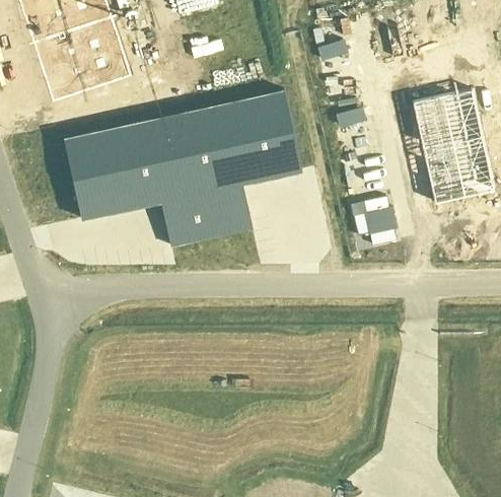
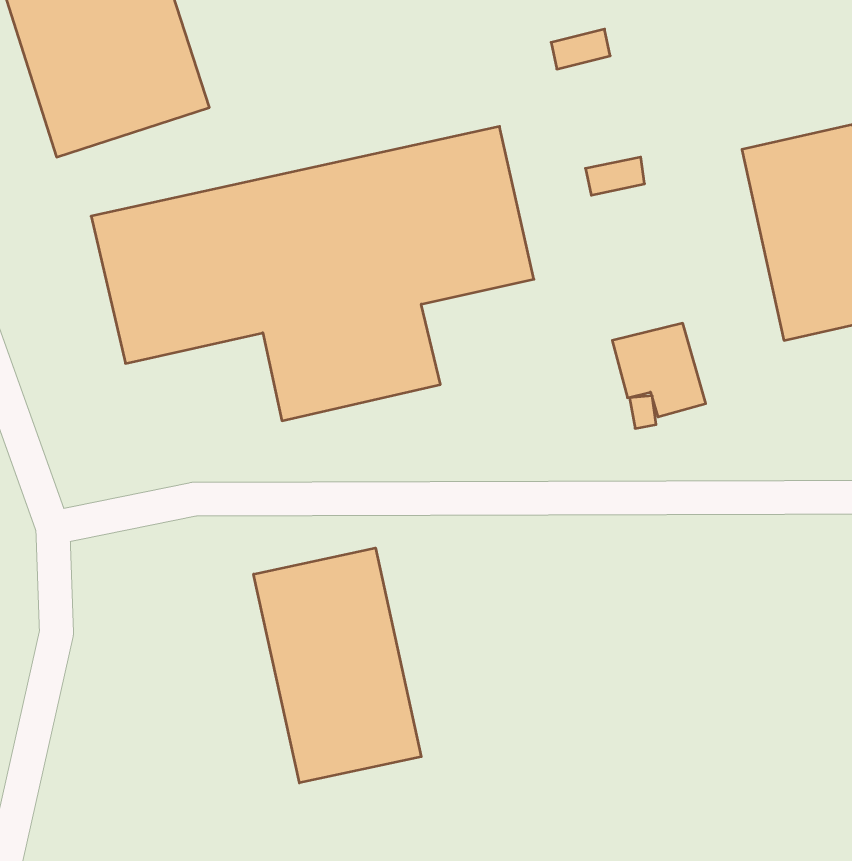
building: none -> [254,548,421,783]

